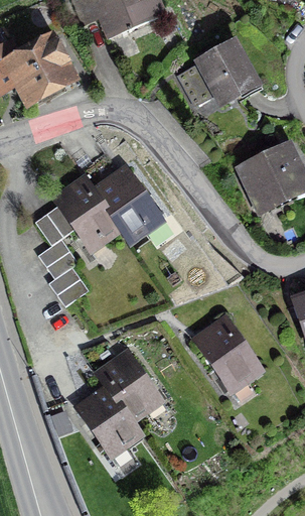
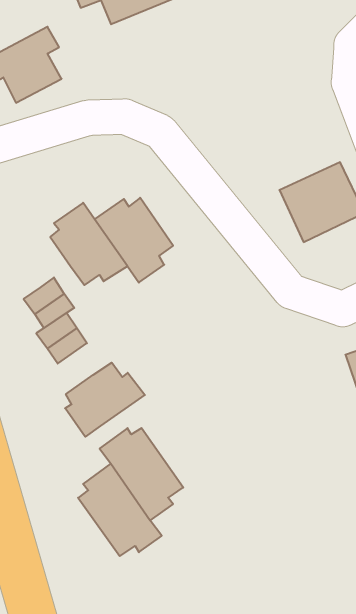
building: [177,42,256,102] -> none
building: [34,204,74,244] -> none
building: none -> [65,363,145,437]
building: [194,317,261,384] -> none

